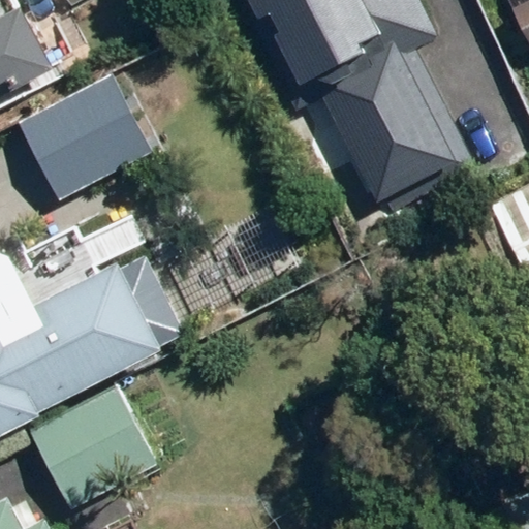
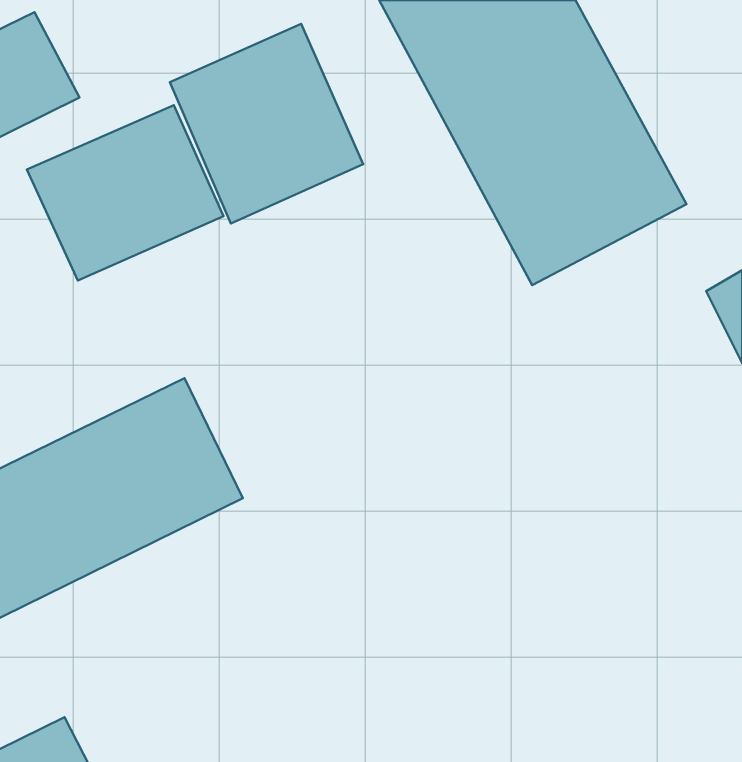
building: none -> [170,24,363,224]
building: [37,401,152,501] -> none

